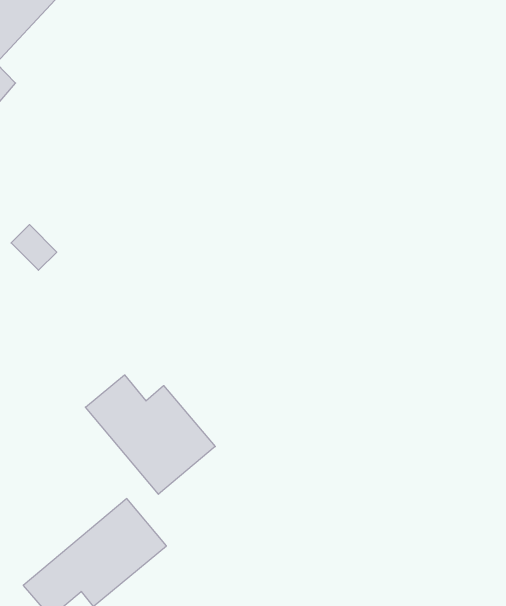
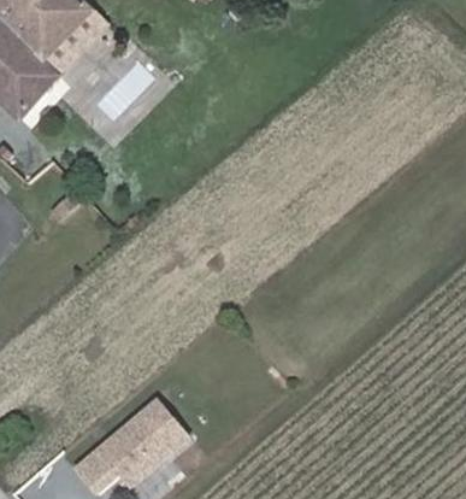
building: [85,375,215,494] -> none

